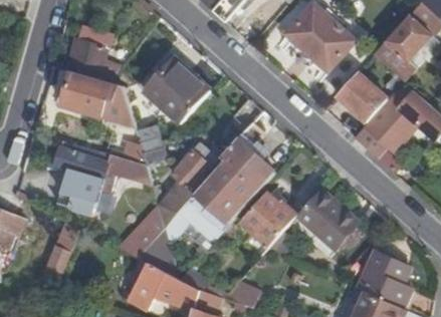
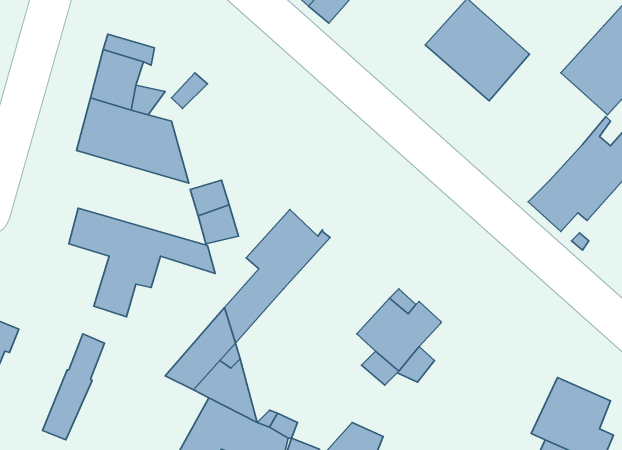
building: [144,57,210,122] -> none
building: [338,73,388,122] -> none
building: [195,138,273,229] -> none
building: [296,188,356,249] -> none

